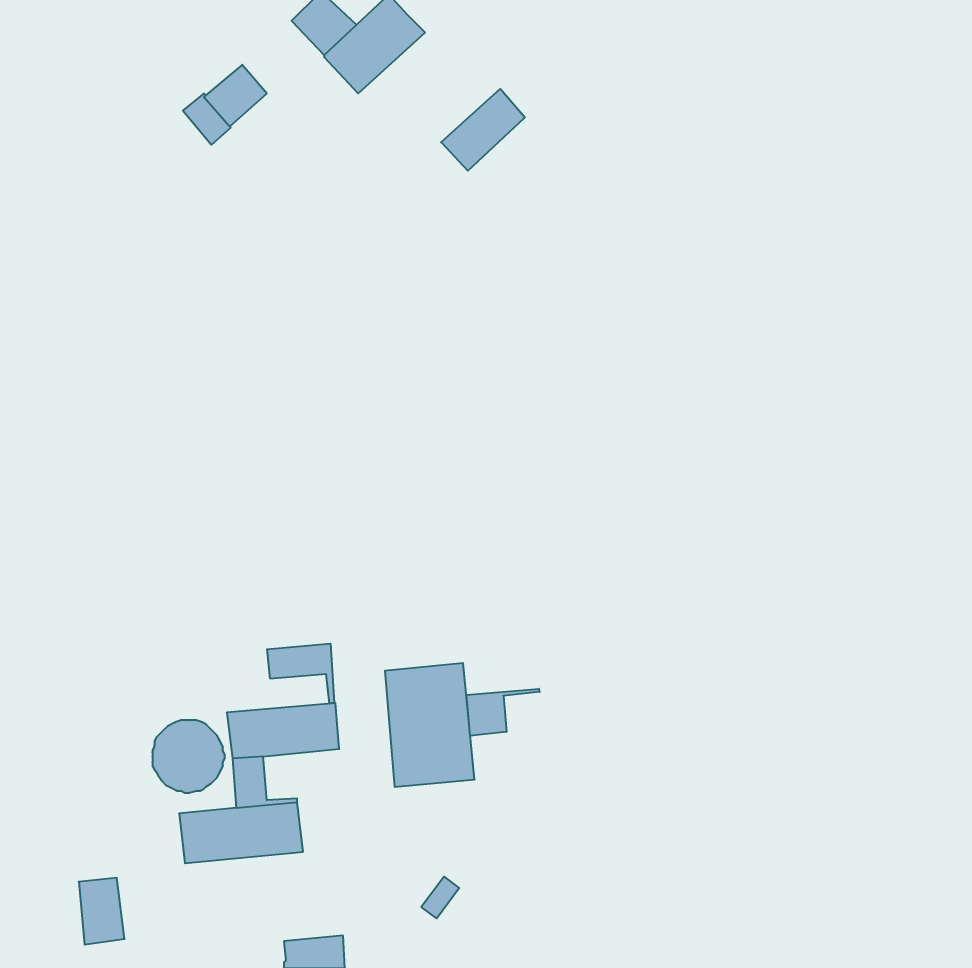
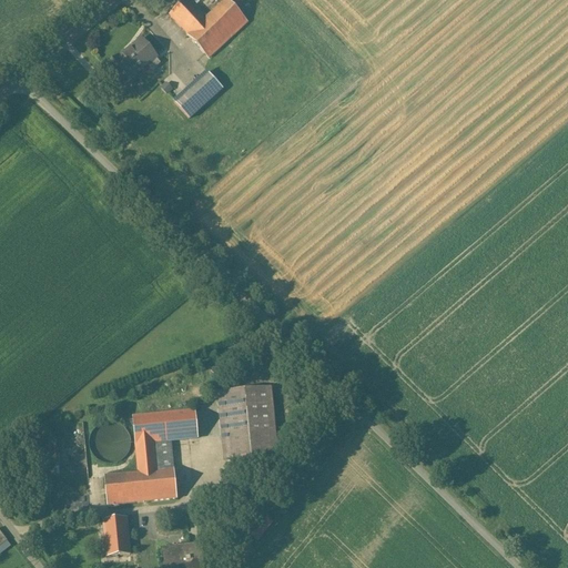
building: [441,89,525,171] -> [174,69,223,116]
building: [267,644,334,704] -> none
building: [466,689,540,736] -> none
building: [79,878,125,945] -> [104,516,131,555]

